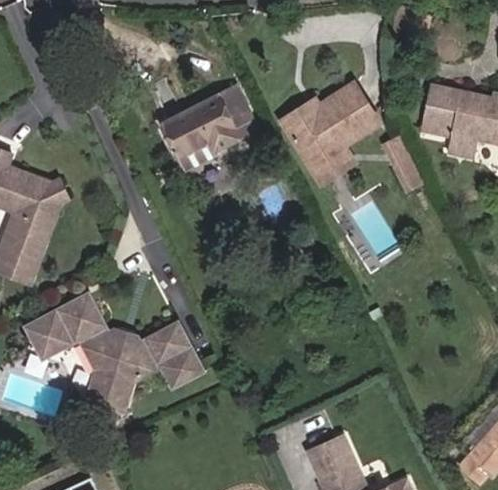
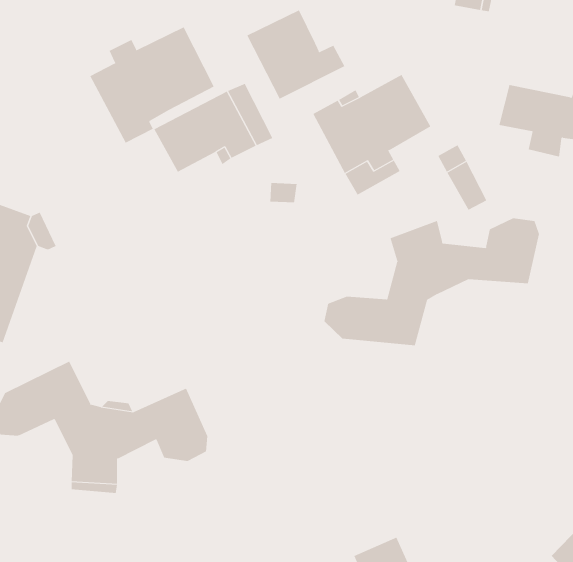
building: none -> [246,10,345,100]
building: none -> [89,26,214,144]
building: none -> [324,218,540,346]

